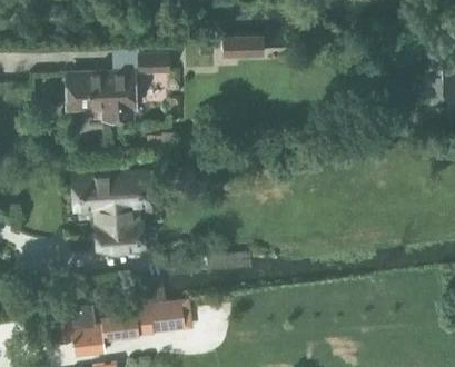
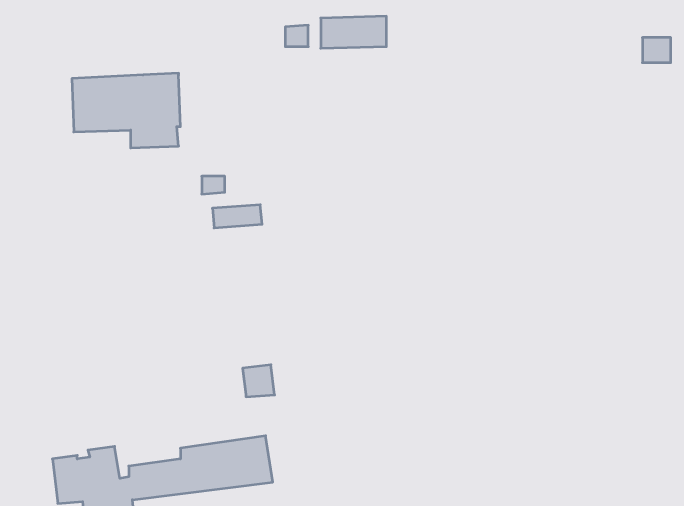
building: [135,53,169,73] -> none
building: [73,173,148,252] -> none

